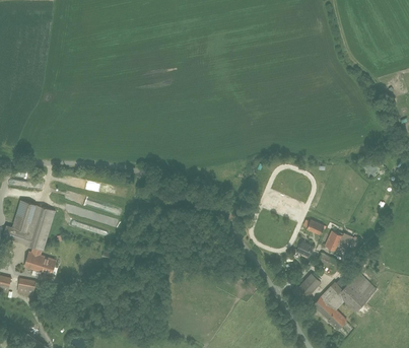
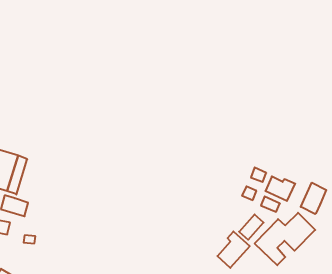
building: none -> [301,183,326,214]
building: none -> [217,231,250,268]

